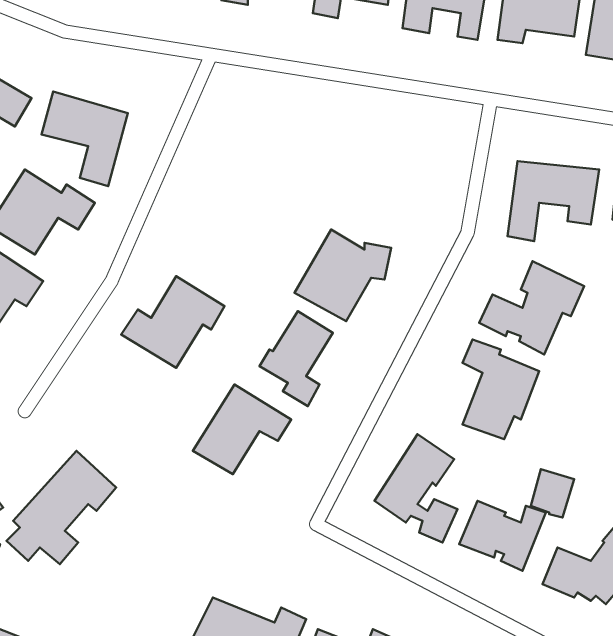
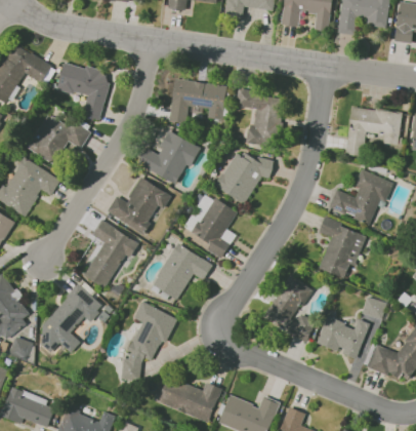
building: none -> [170,79,225,129]
building: none -> [238,88,279,146]
building: none -> [138,130,201,186]
building: none -> [85,221,139,284]
building: none -> [120,300,177,380]

